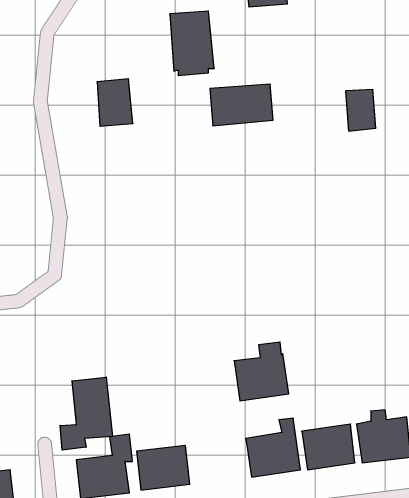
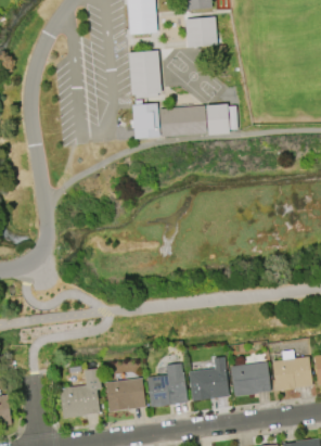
building: [97,79,133,126] -> [133,102,160,138]
building: [346,90,376,131] -> [207,103,230,135]
building: [234,342,289,401] -> [145,364,187,408]
building: [60,377,112,450] -> none

